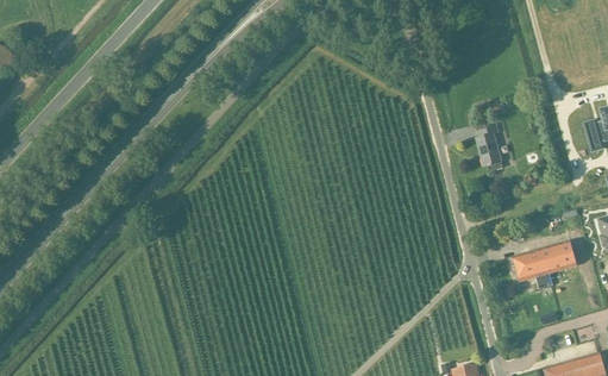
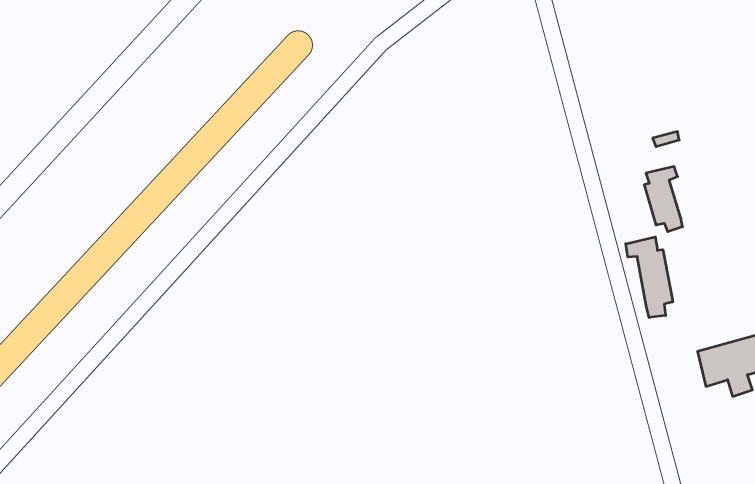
building: none -> [626,237,673,318]

